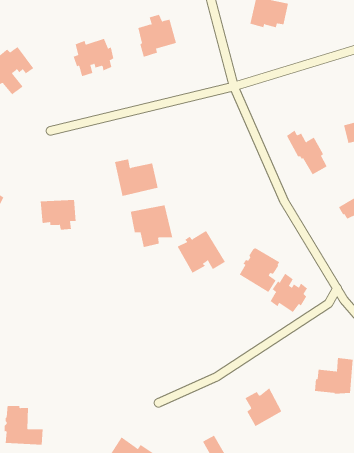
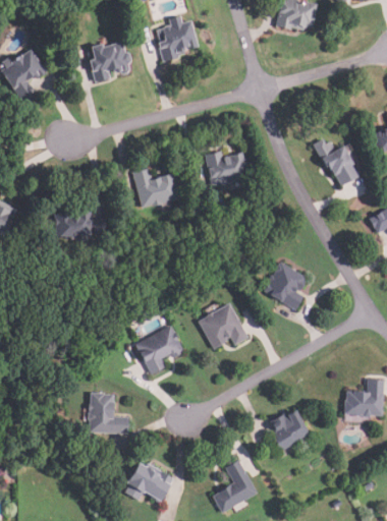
building: none -> [205,151,250,186]
building: [130,204,173,248] -> none
building: [177,230,226,274] -> [198,304,250,350]
building: [270,273,308,313] -> none
building: none -> [135,326,183,374]
building: [4,406,43,445] -> [88,393,129,435]

